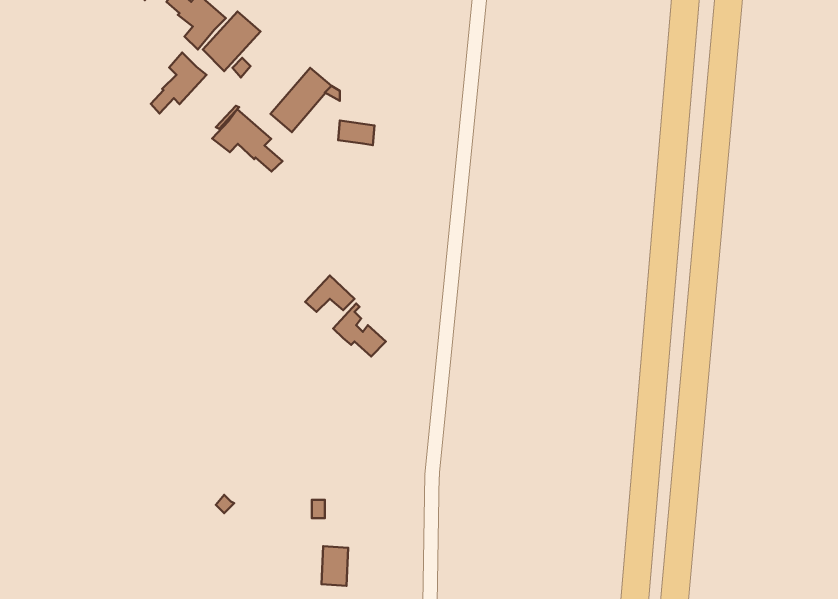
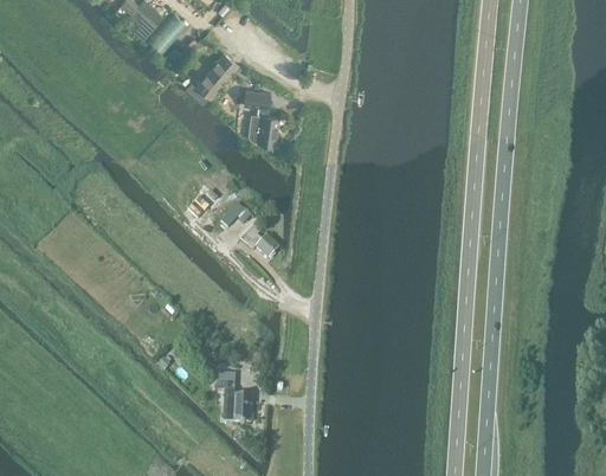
building: [151,52,207,114] -> none
building: [212,109,283,171] -> none
building: none -> [246,107,277,144]

